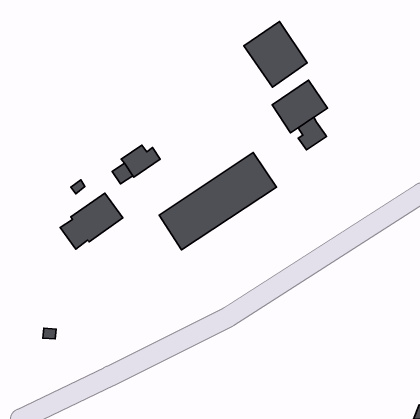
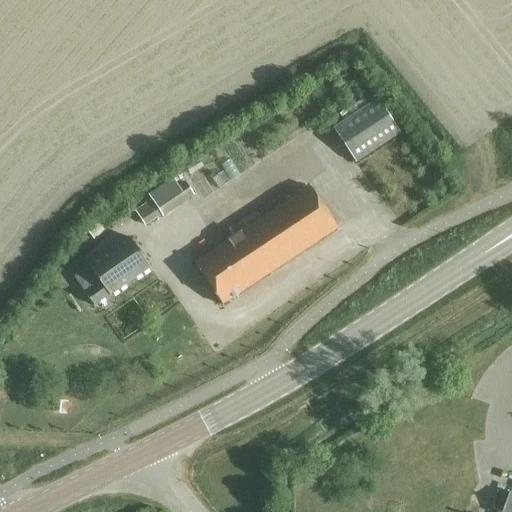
building: [244,22,307,87] -> none
building: [298,117,327,150] -> none

